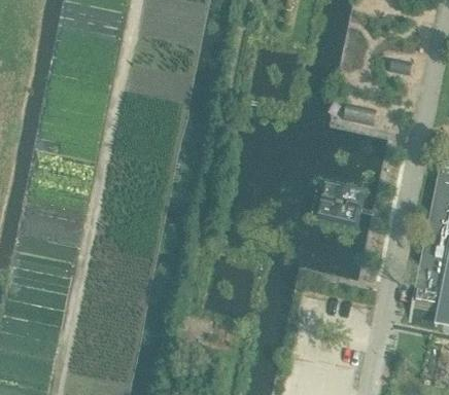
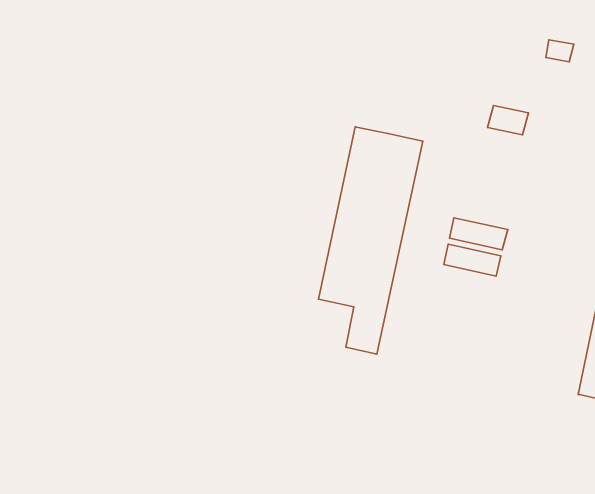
building: none -> [319,127,423,354]

